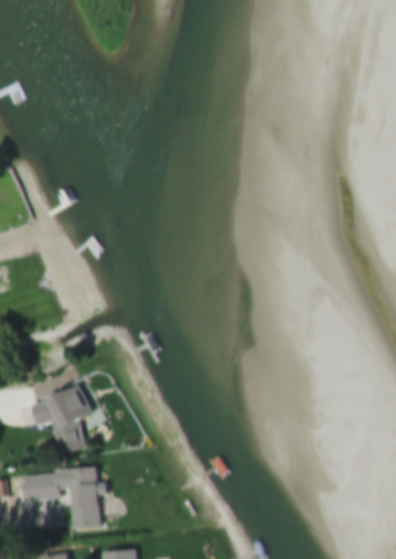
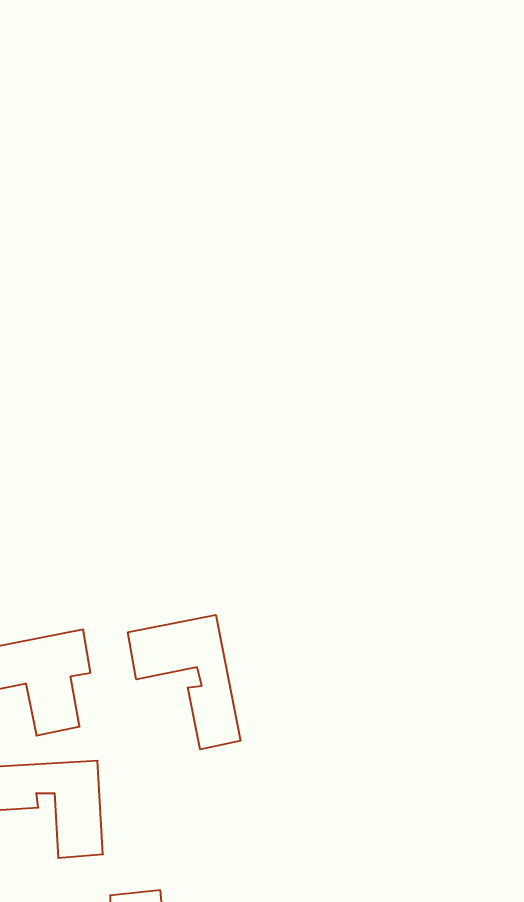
building: none -> [128,615,240,749]

